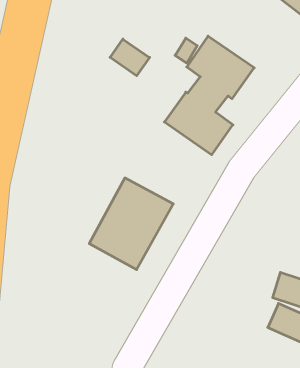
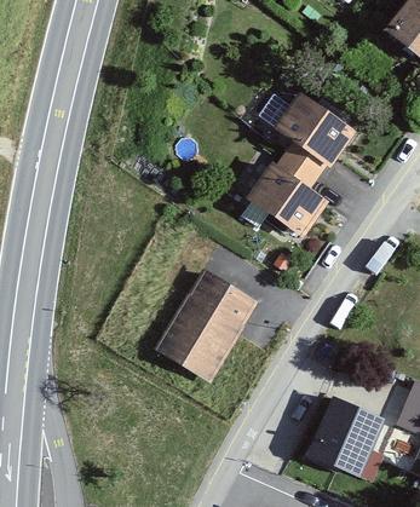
building: [110,39,150,76] -> none
building: none -> [309,398,381,476]

